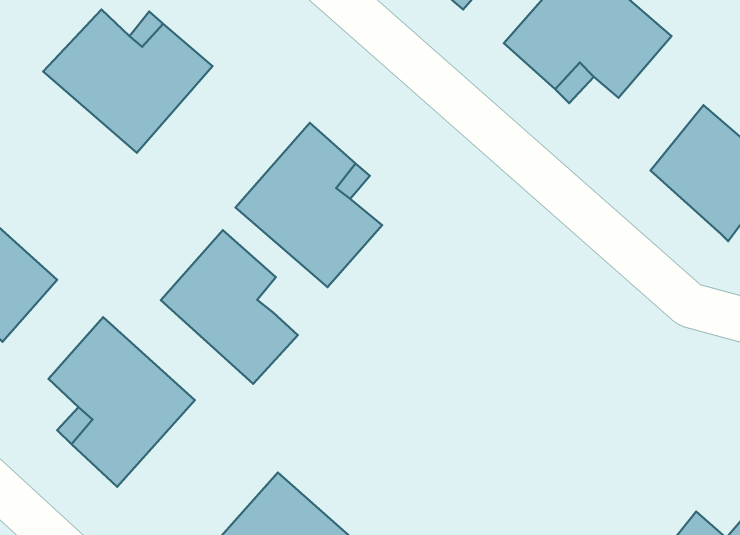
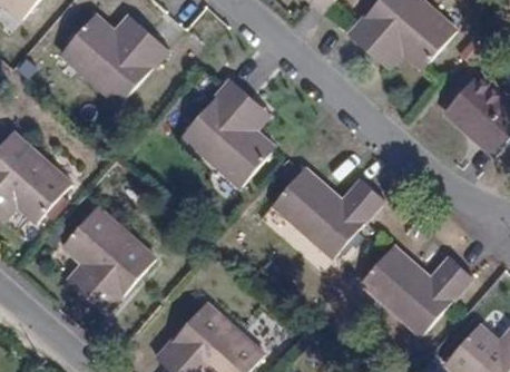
building: [161,230,298,384] -> none
building: none -> [271,169,381,258]
building: none -> [359,245,468,335]

